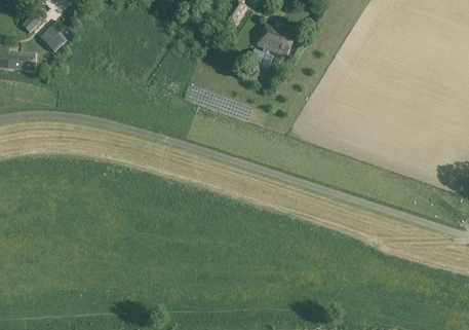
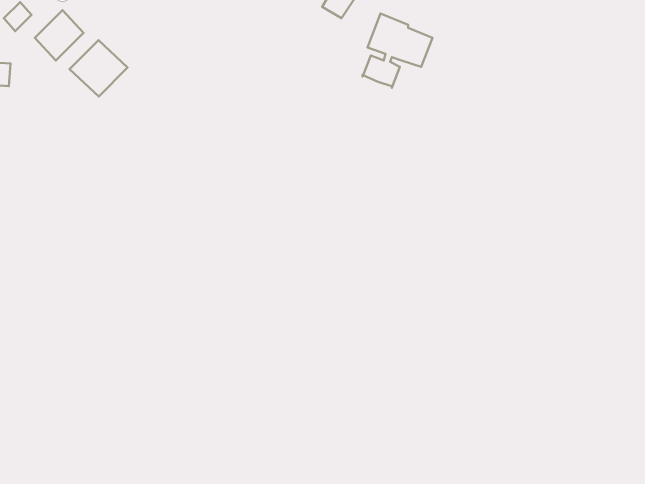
building: none -> [69,40,128,97]

